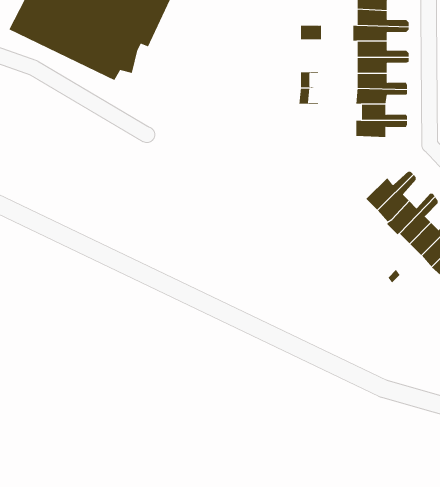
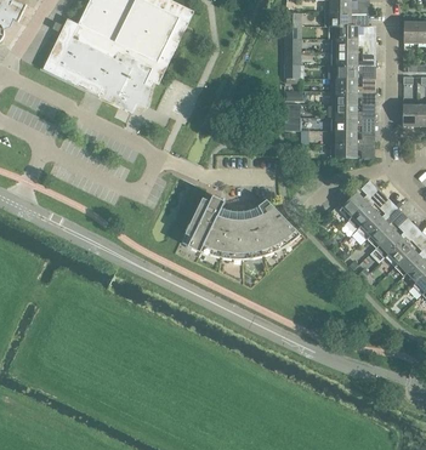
building: none -> [184,194,301,258]

